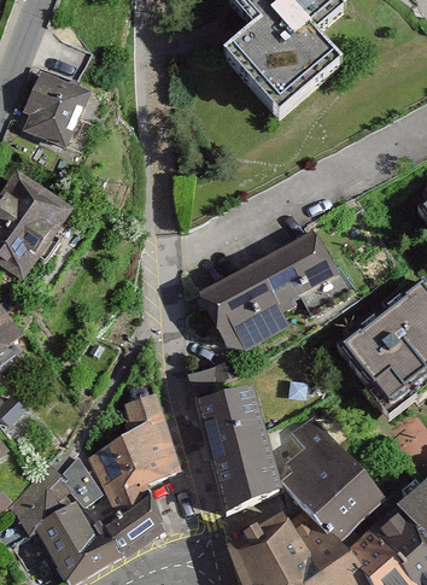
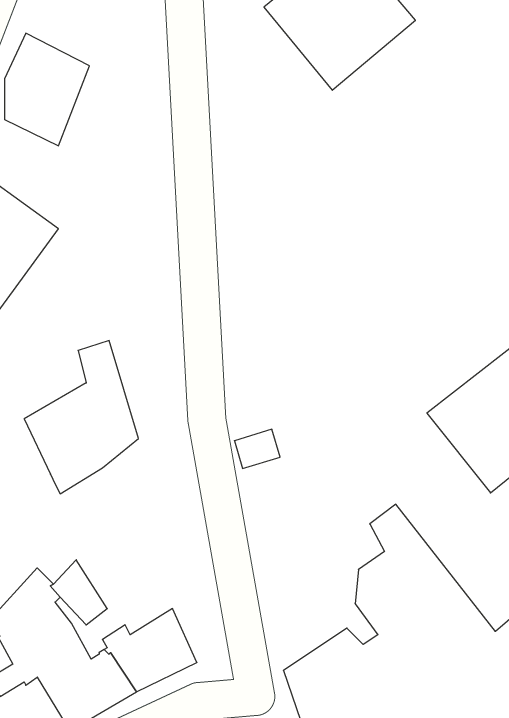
building: [203,229,340,359] -> none
building: [193,390,274,508] -> none
building: [93,398,177,511] -> [24,341,138,494]

